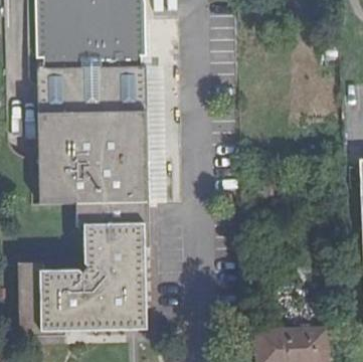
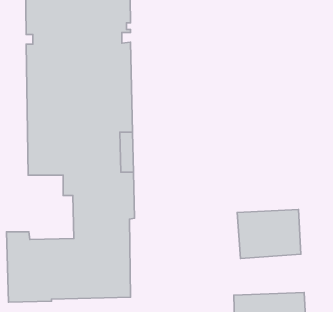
building: none -> [237,209,301,258]

